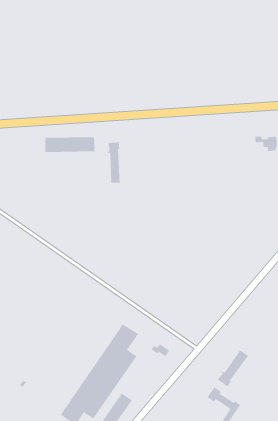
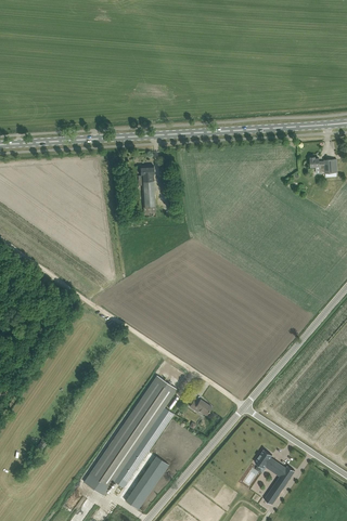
building: [44,136,95,153] -> none
building: [217,349,249,387] -> none

